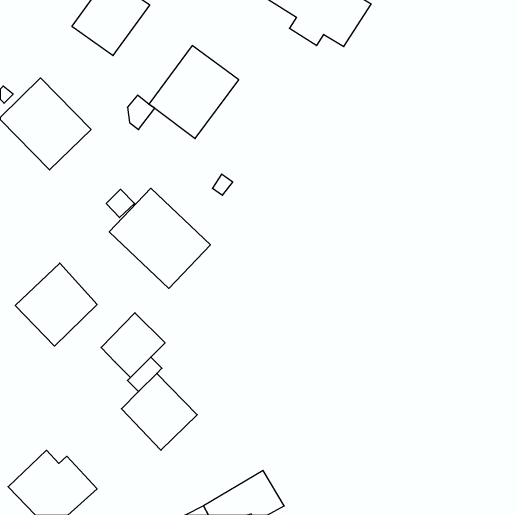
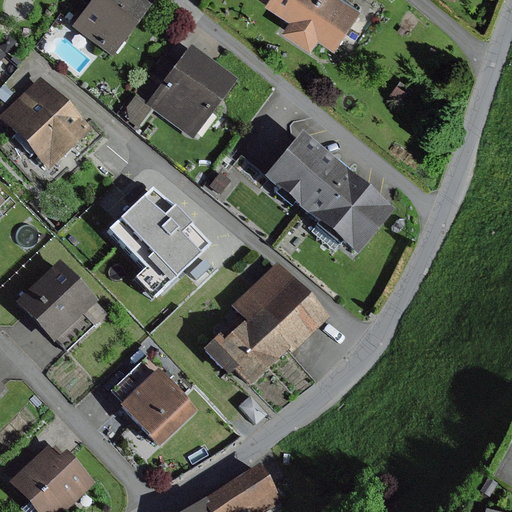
building: none -> [263,132,393,253]
building: none -> [204,261,329,387]
building: [101,313,165,377] -> none

